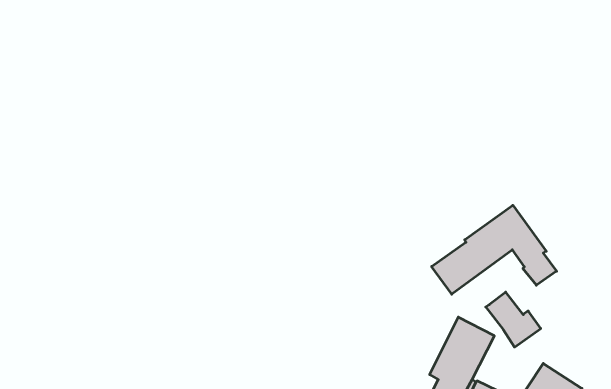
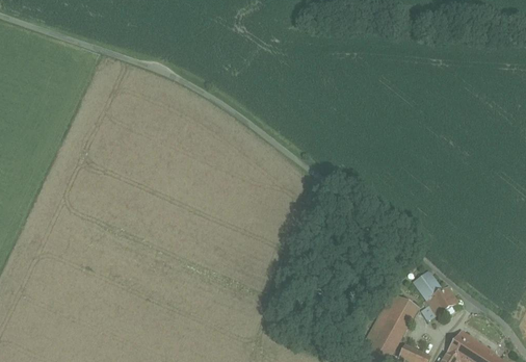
building: [432,205,557,294] -> none

